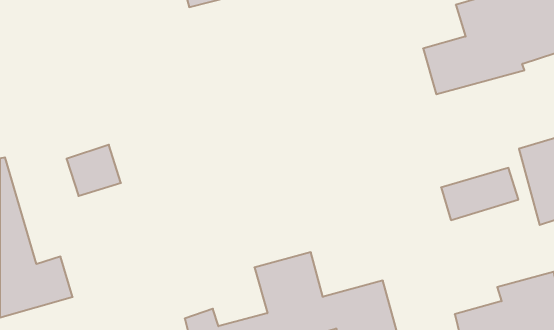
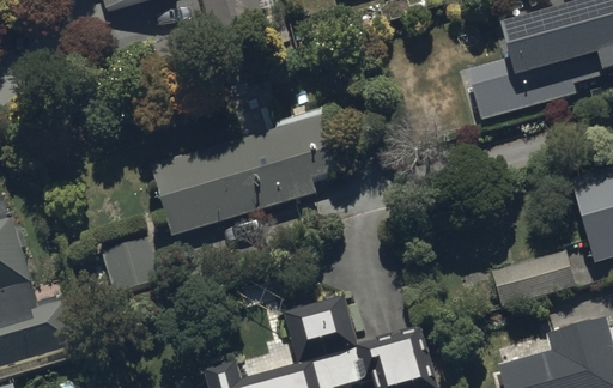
building: none -> [152,113,346,235]
building: [66,145,121,196] -> [102,235,162,291]
building: [441,168,518,220] -> [491,249,576,307]

